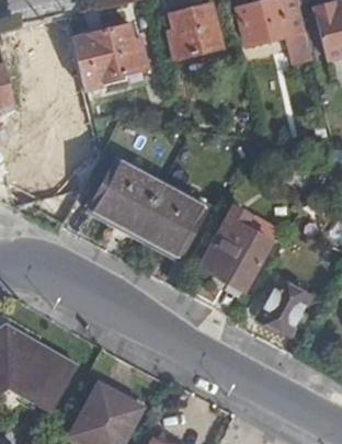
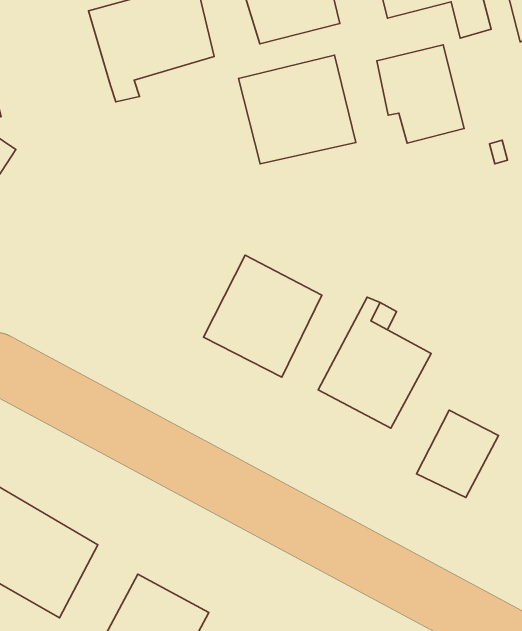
building: none -> [377,45,464,143]
building: none -> [239,55,356,164]
building: [92,164,163,237] -> none

